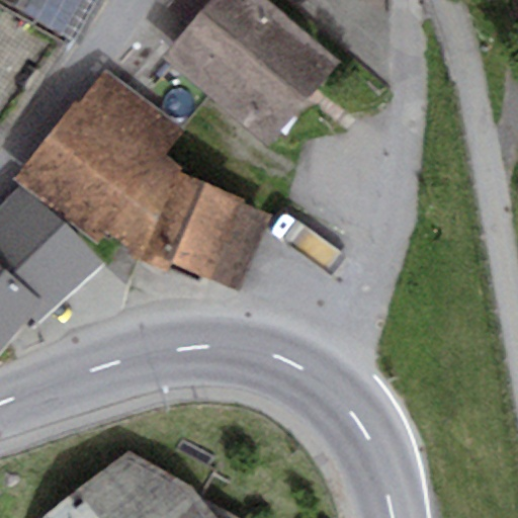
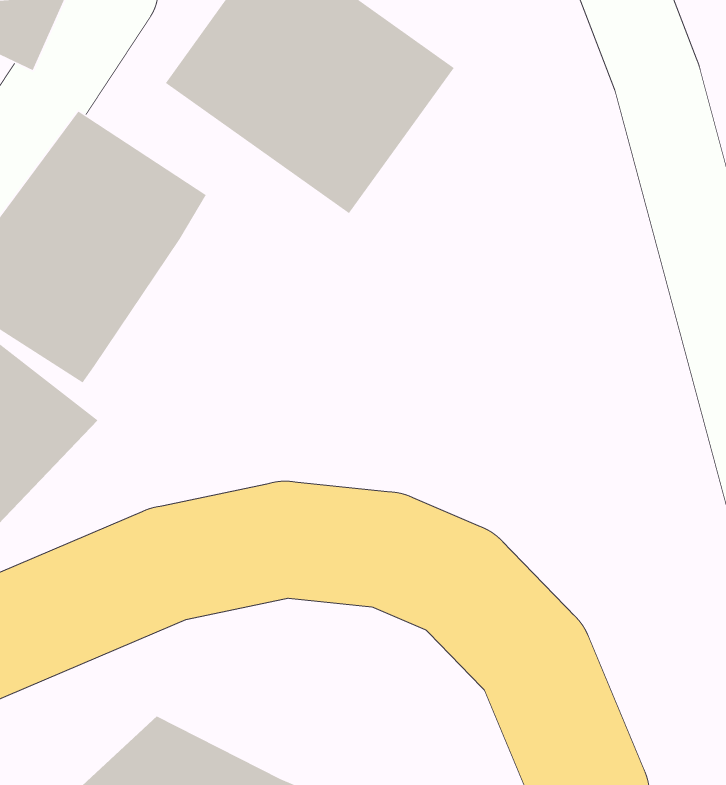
building: [102,156,269,291] -> none

